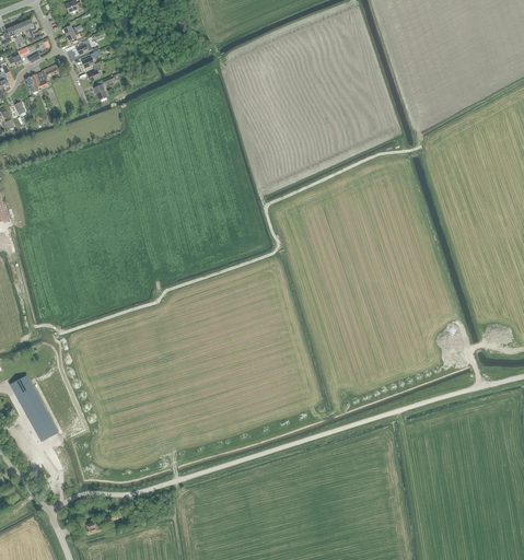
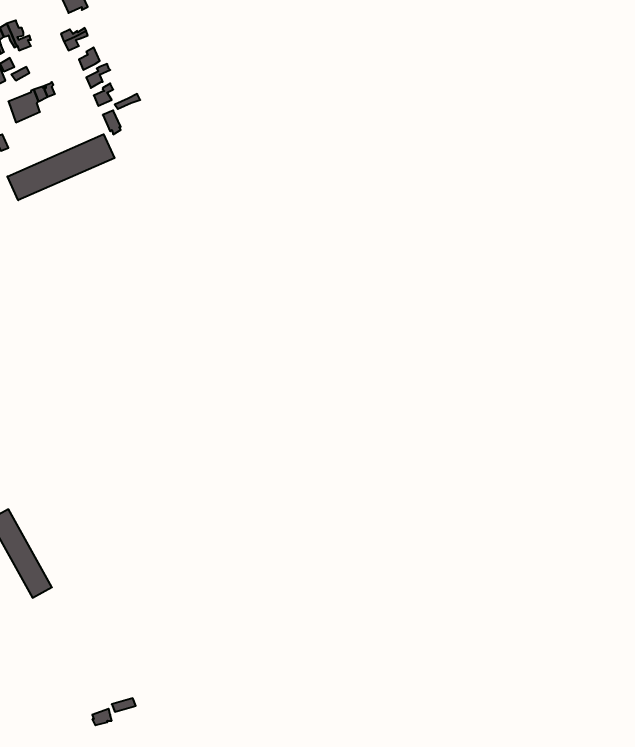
building: none -> [7,134,115,200]

